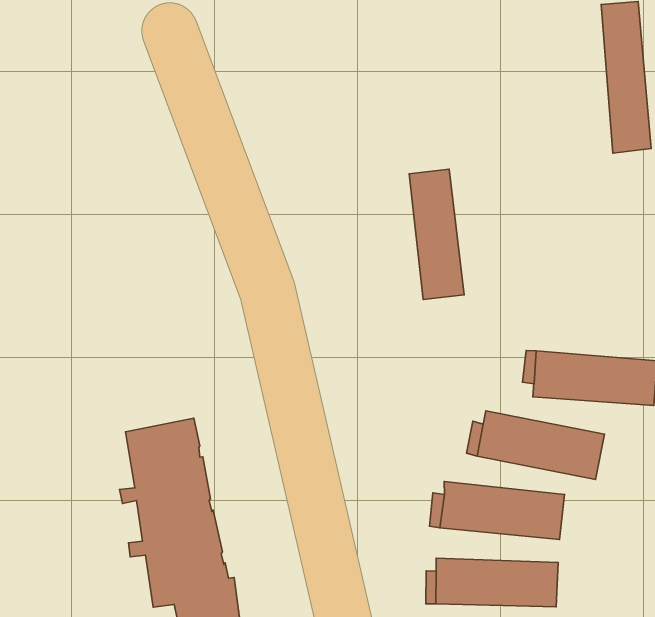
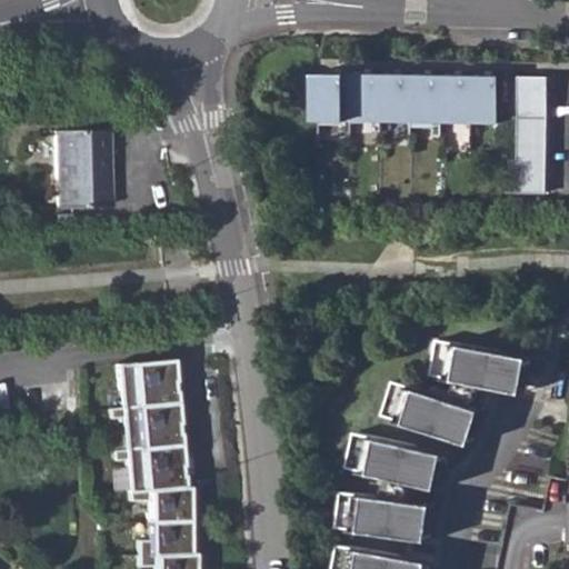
building: none -> [313,76,497,126]
building: none -> [56,131,111,211]
building: [409,169,464,299] -> none

